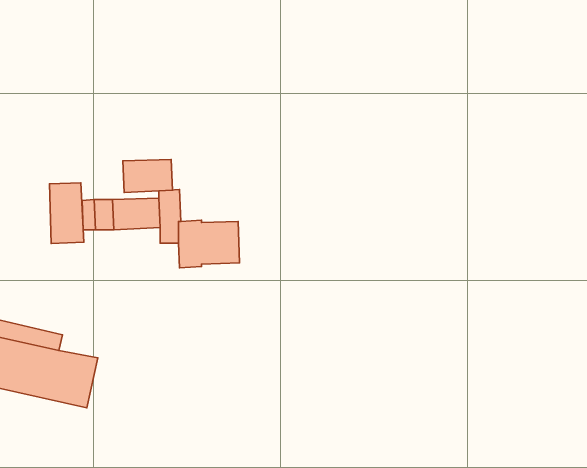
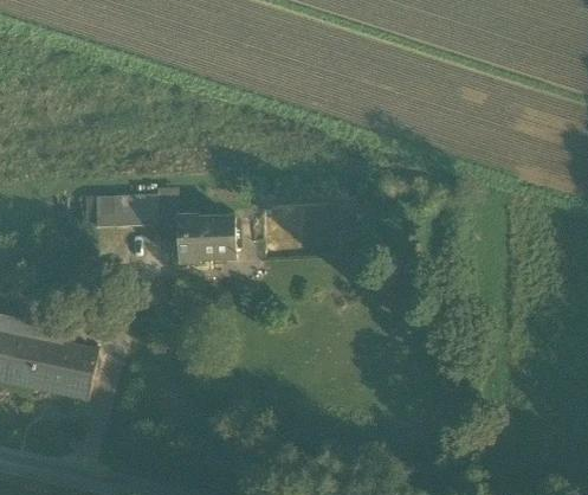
building: [123,160,172,193] -> none
building: [50,183,84,244] -> none

